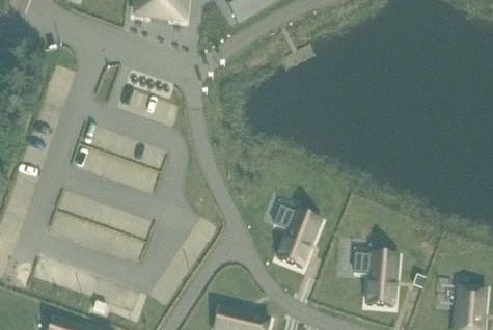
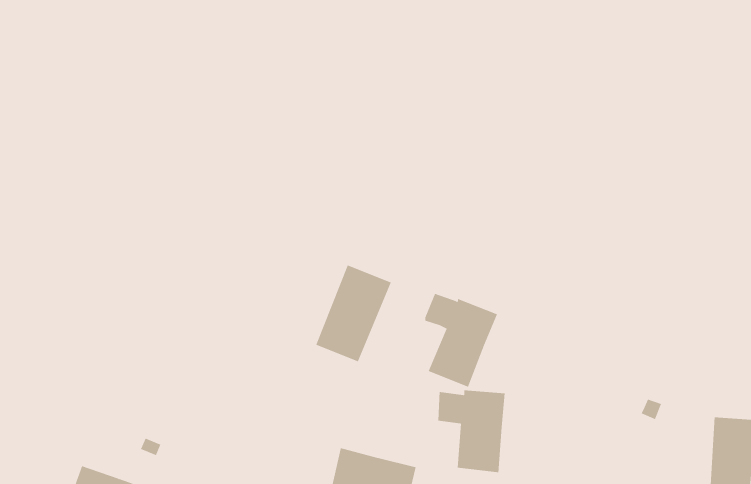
building: none -> [316,264,392,362]
building: [354,252,398,305] -> [437,390,506,473]

